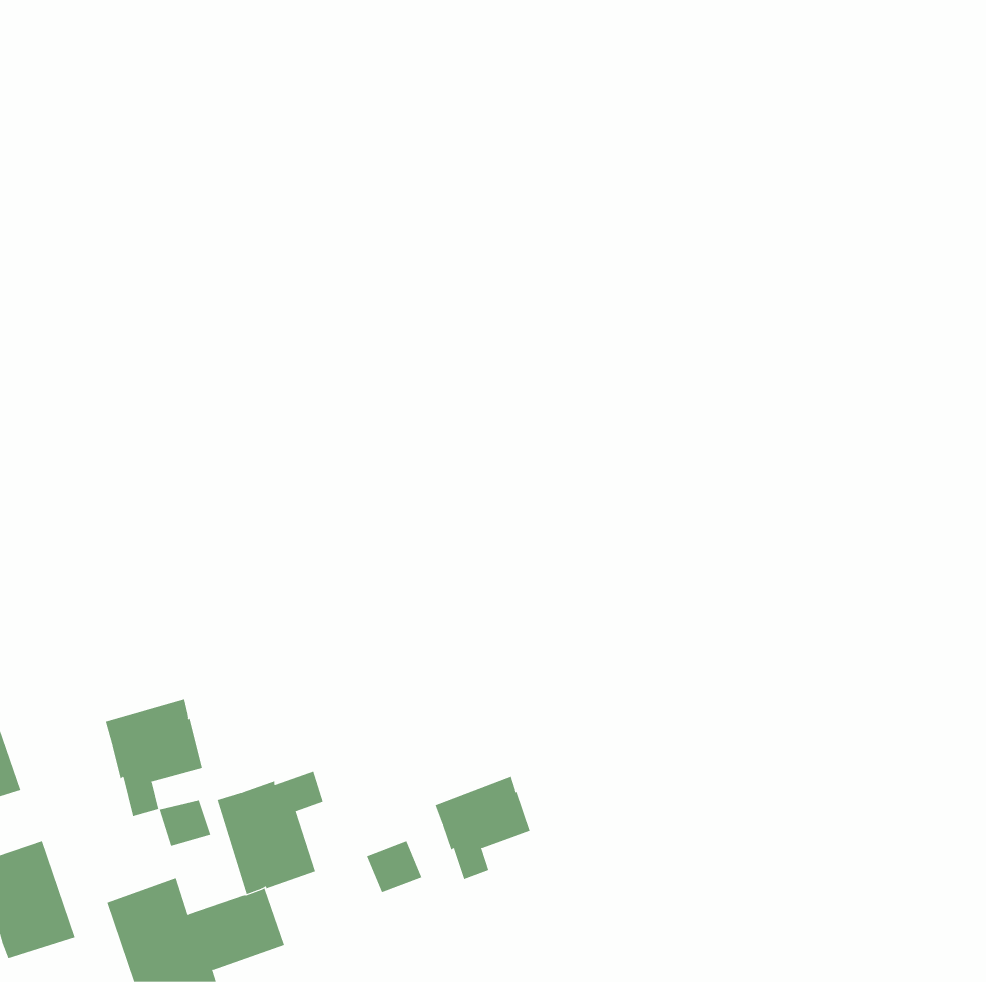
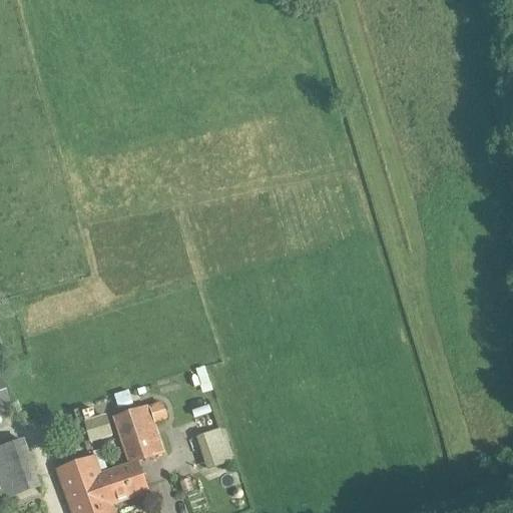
building: [105,698,203,817] -> none
building: [435,776,530,880] -> none

